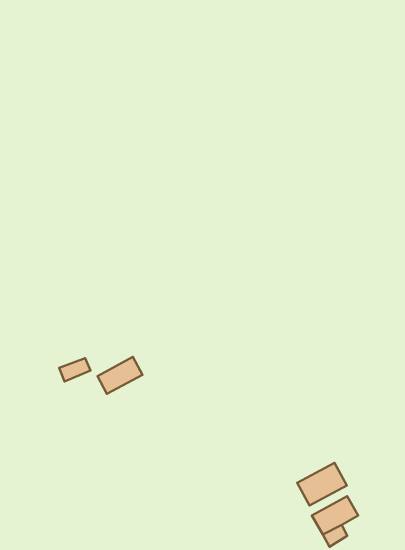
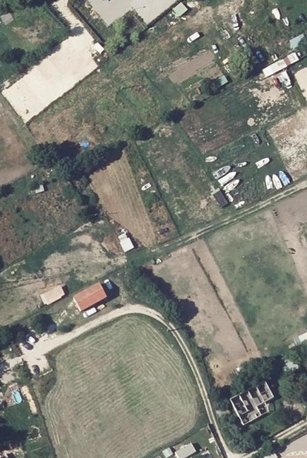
building: [297,463,347,506] -> none

